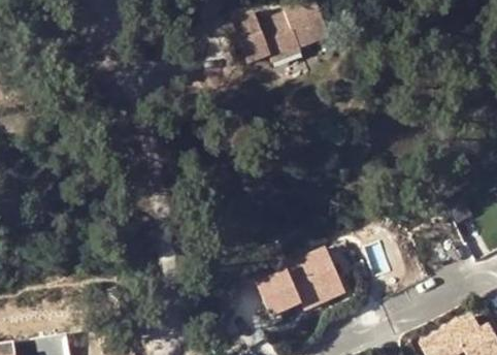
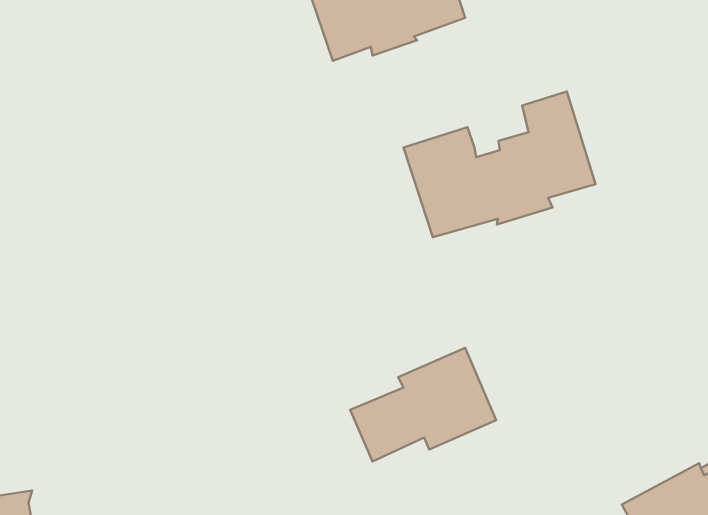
building: none -> [404,91,596,237]

